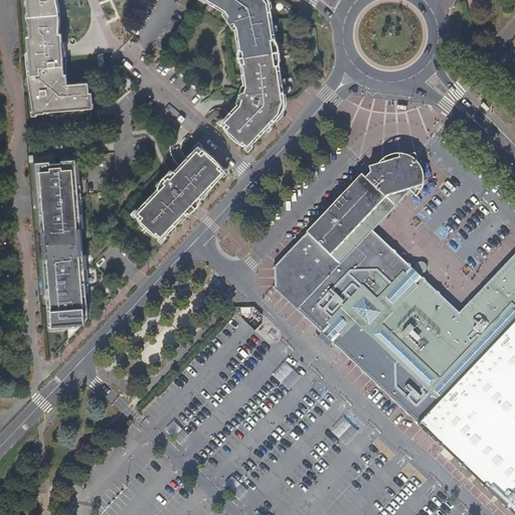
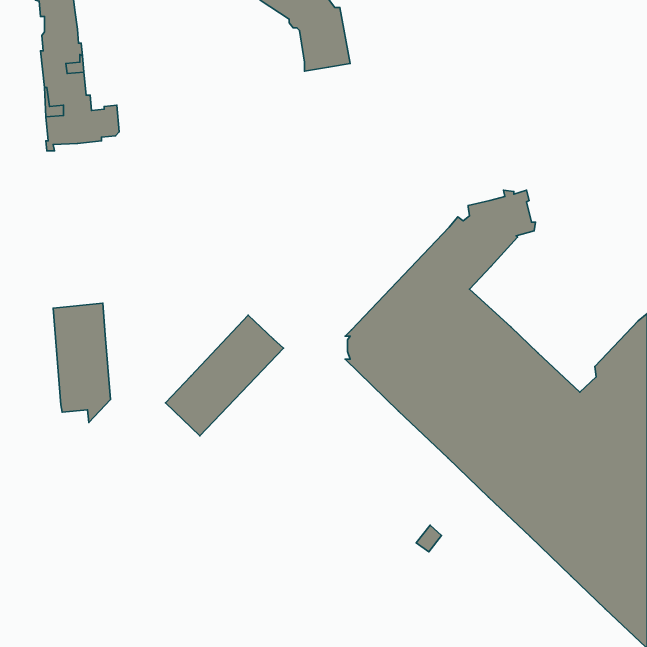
building: [225,50,286,145] -> none
building: [134,143,227,238] -> [166,315,284,436]
building: [35,159,81,244] -> none

